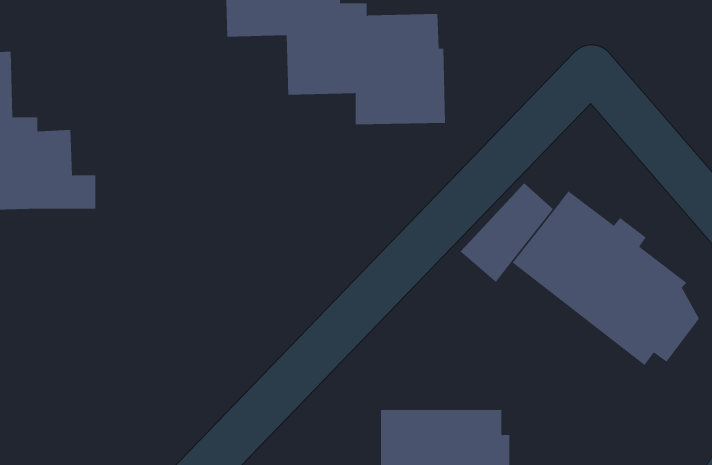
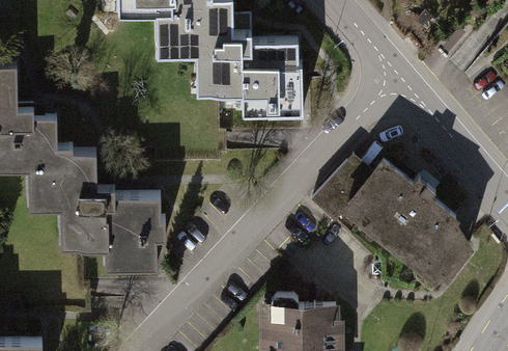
building: none -> [27,154,166,271]

